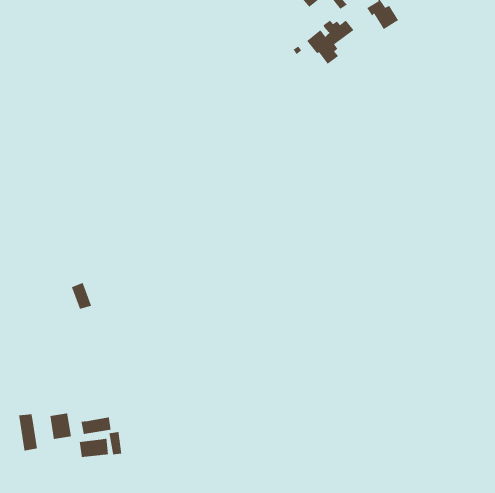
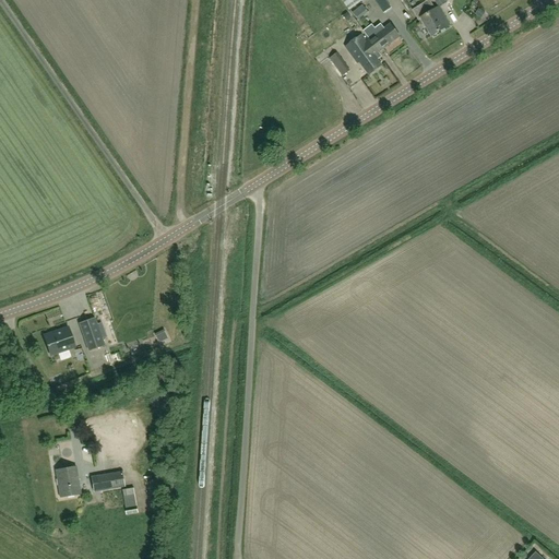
building: none -> [44,326,75,355]
building: [18,413,38,451] -> none
building: [79,438,109,458] -> none

